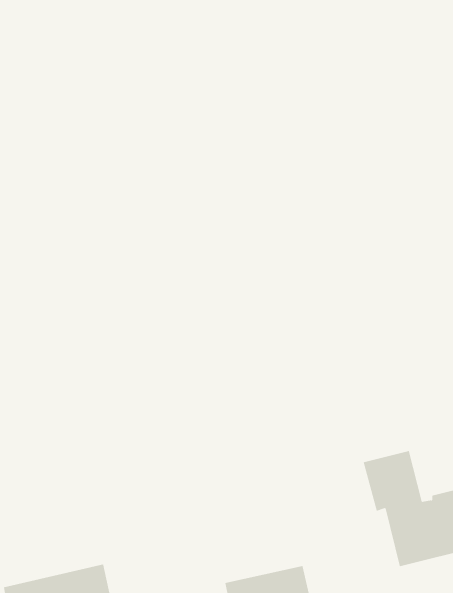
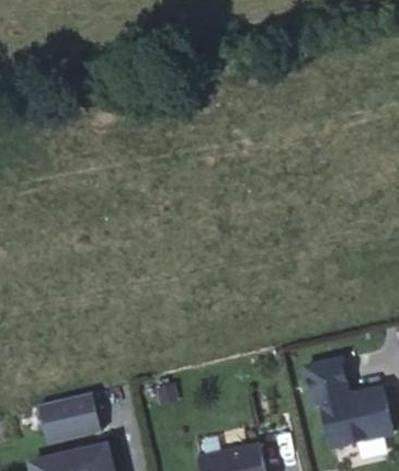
building: none -> [38,392,102,444]

